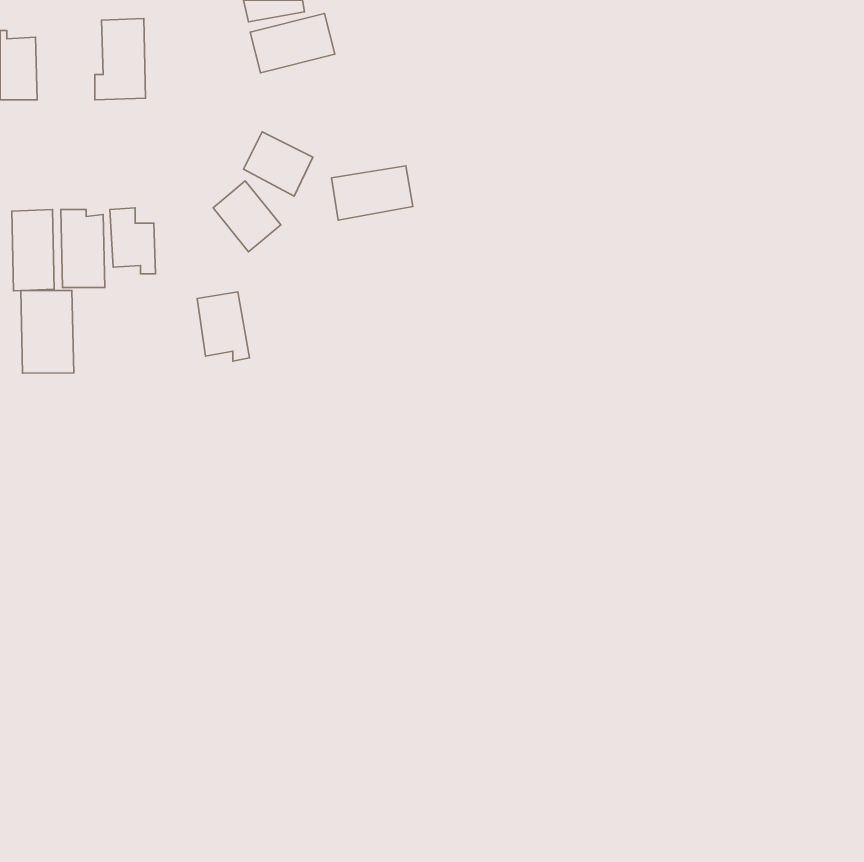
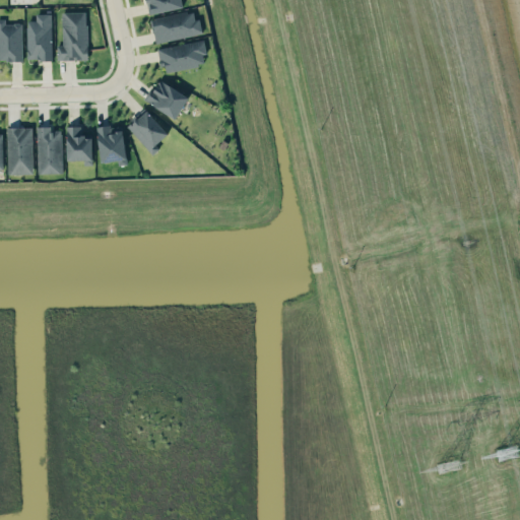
building: none -> [26,14,53,61]
building: [332,166,413,220] -> [158,41,207,73]
building: [21,290,74,373] -> none
building: [197,292,250,361] -> [96,125,128,167]

